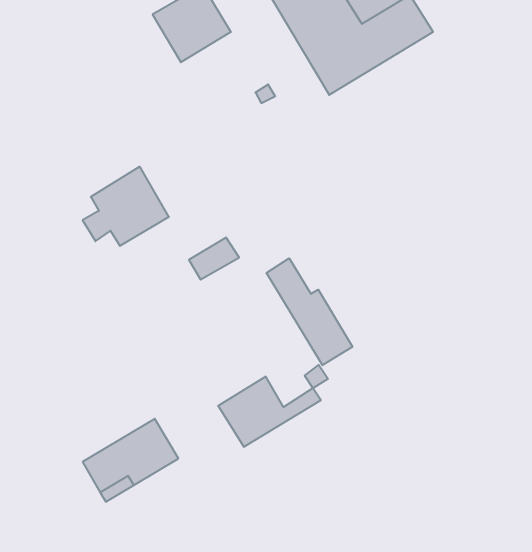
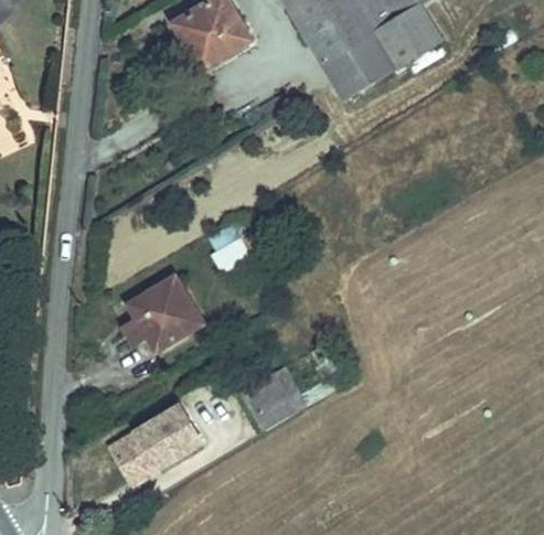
building: [83,167,169,246] -> [119,275,201,350]
building: [267,258,352,365] -> none

